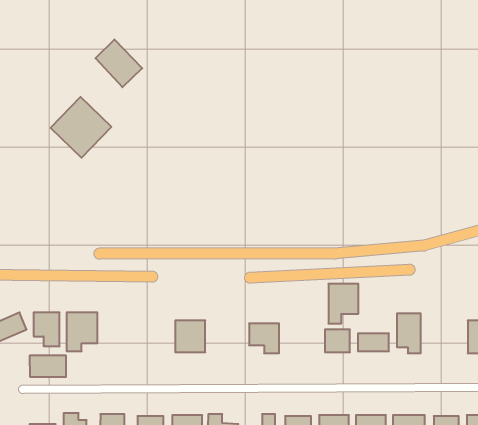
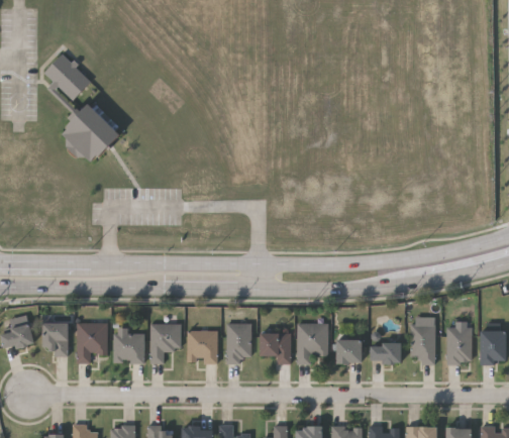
building: [95,39,142,87] -> [42,53,90,102]
building: [328,284,358,324] -> [297,323,327,363]
building: none -> [149,323,180,362]
building: none -> [226,323,250,361]
building: none -> [113,327,143,362]
building: none -> [446,327,471,363]
building: [30,355,66,377] -> none

